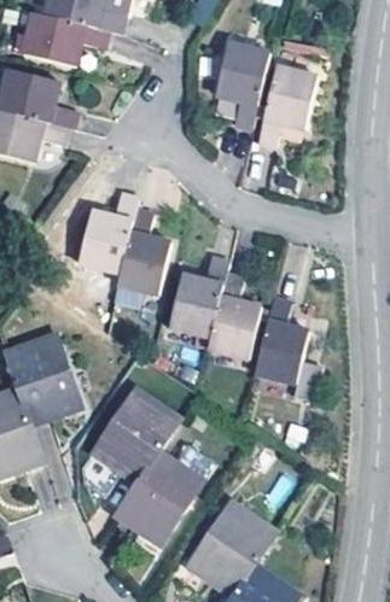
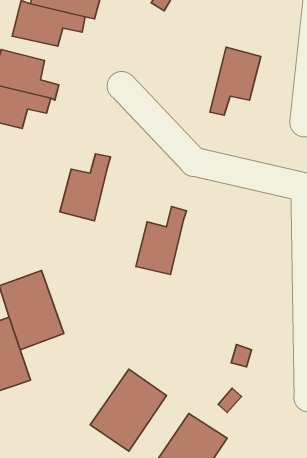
building: [214,42,269,129] -> none
building: [116,209,170,294] -> none
building: [206,271,261,360] -> none
building: [254,297,318,401] -> none
building: [92,388,180,484] -> none

